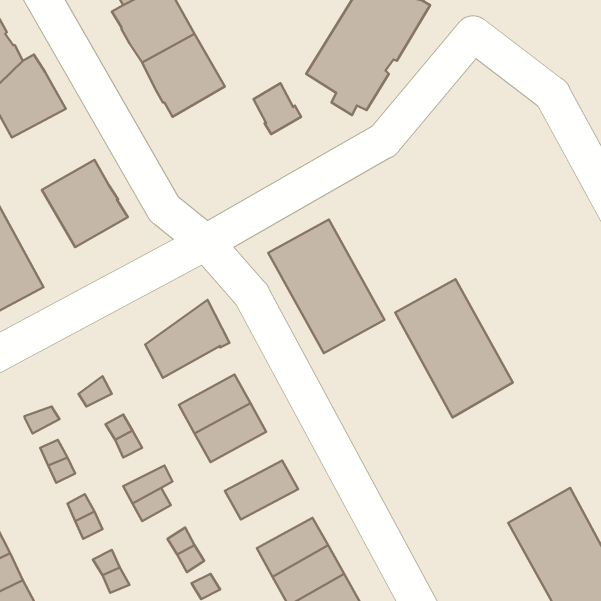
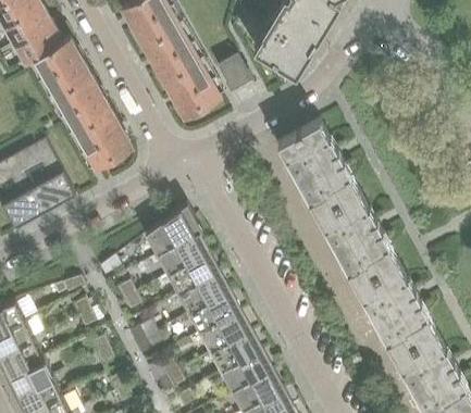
building: none -> [163,60,221,118]
building: none -> [53,75,110,130]
building: [268,220,384,353] -> [277,123,357,214]
building: none -> [157,237,206,277]
building: none -> [355,262,435,358]
building: none -> [189,296,238,336]
building: none -> [210,335,259,375]

